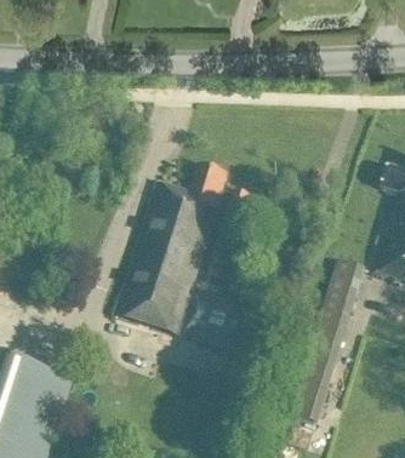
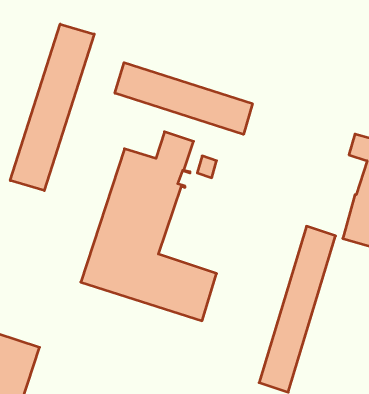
building: none -> [10,24,94,191]
building: none -> [115,63,252,134]

